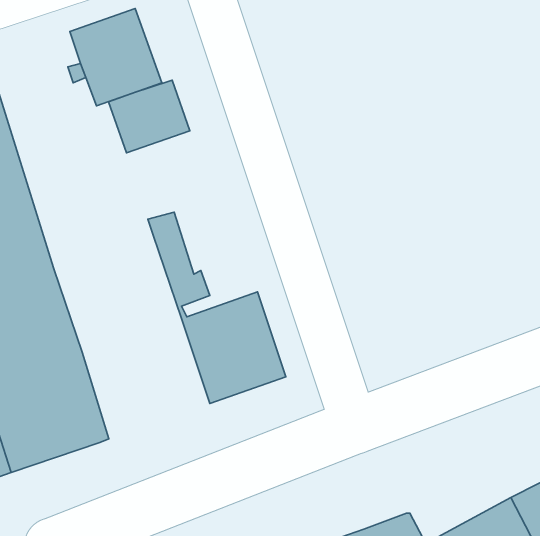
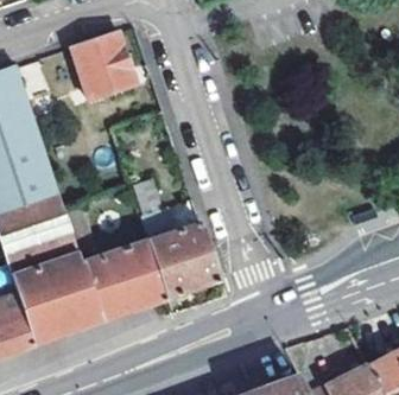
building: [109,80,190,153] -> none
building: none -> [82,241,167,321]

